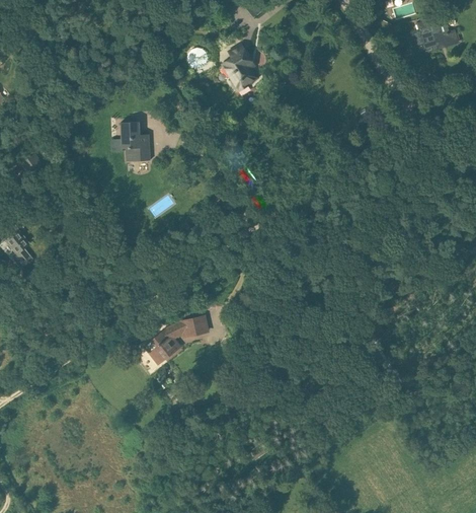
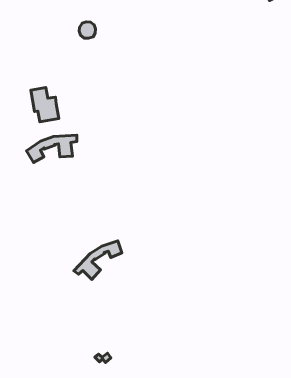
building: [223,44,257,93] -> none
building: none -> [27,135,77,163]

